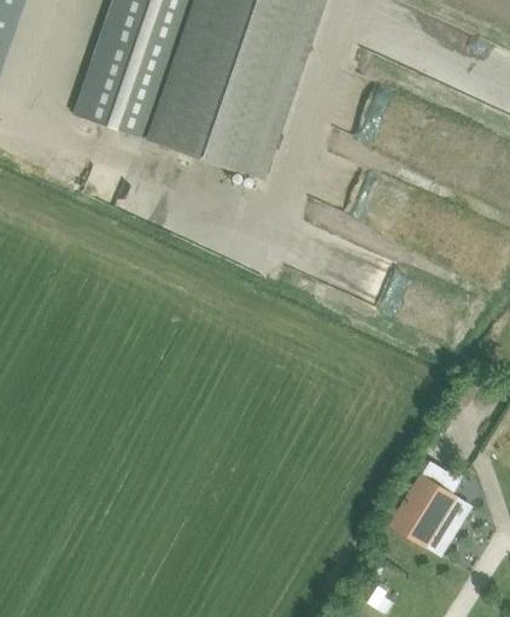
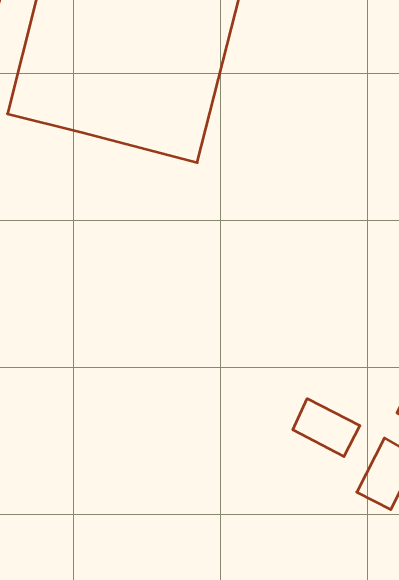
building: none -> [293,399,360,457]

